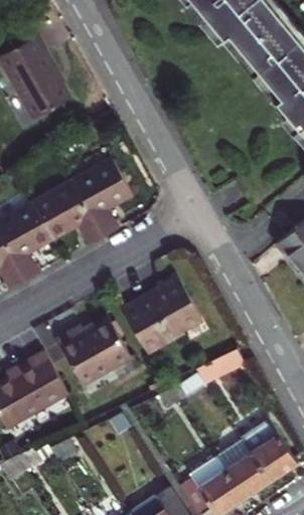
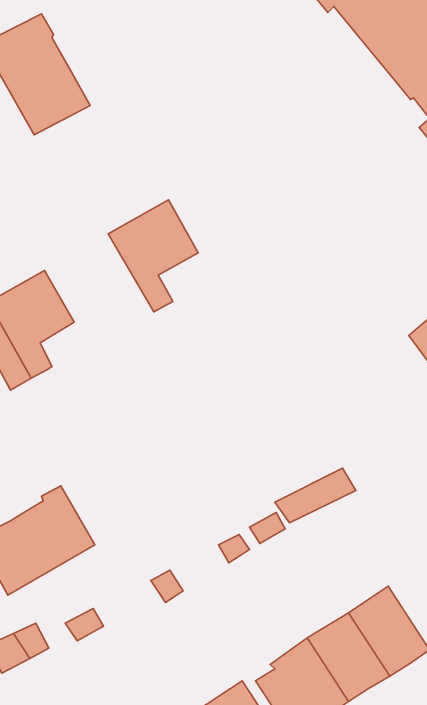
building: [32,182,107,243] -> none
building: [119,273,199,353] -> none
building: [55,316,129,385] -> none

